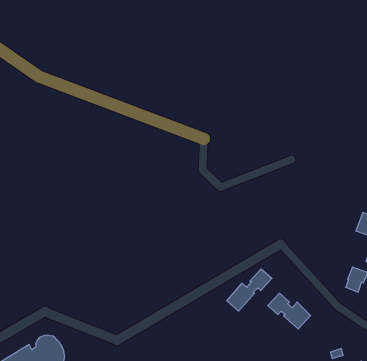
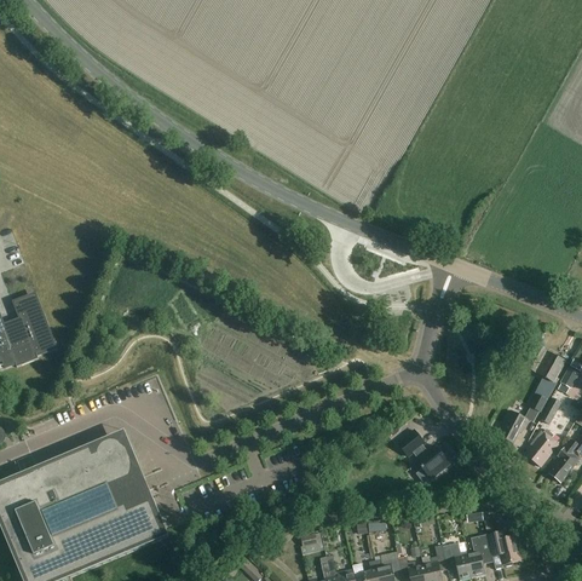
building: [227,269,272,311] -> none

